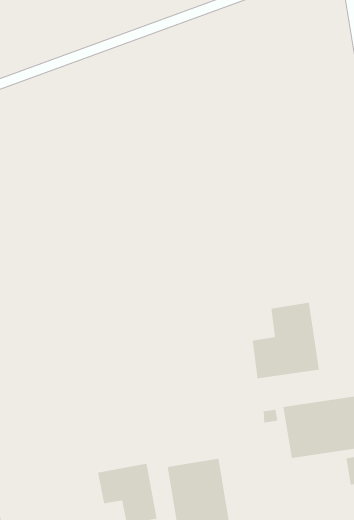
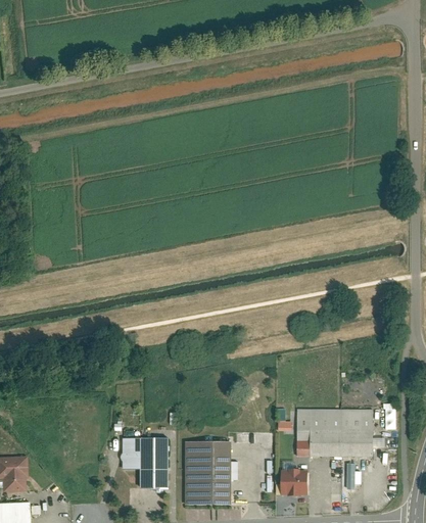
building: [252,302,320,379] -> none
building: none -> [280,469,307,492]

